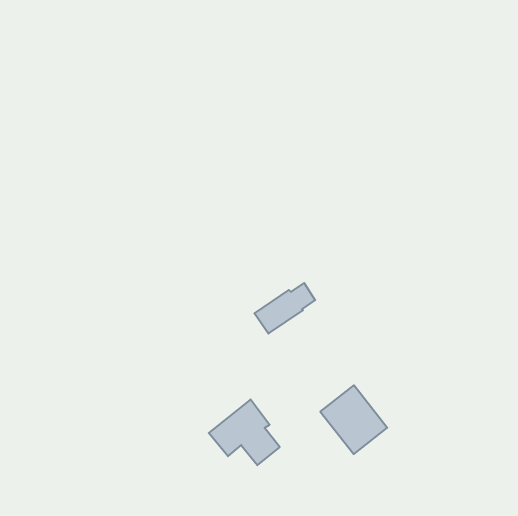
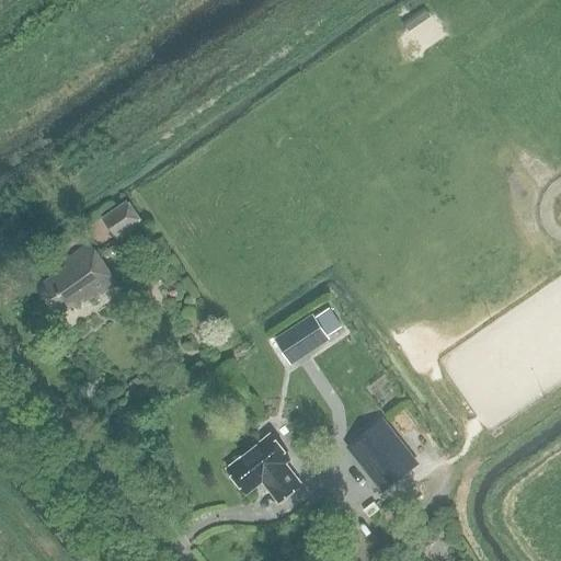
building: none -> [101,199,142,240]
building: none -> [43,242,117,311]

